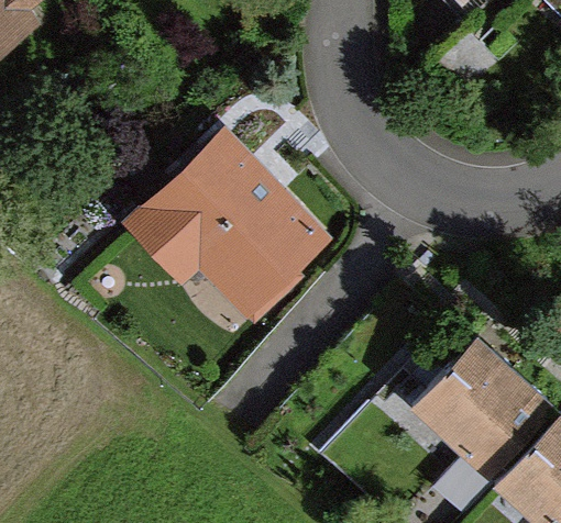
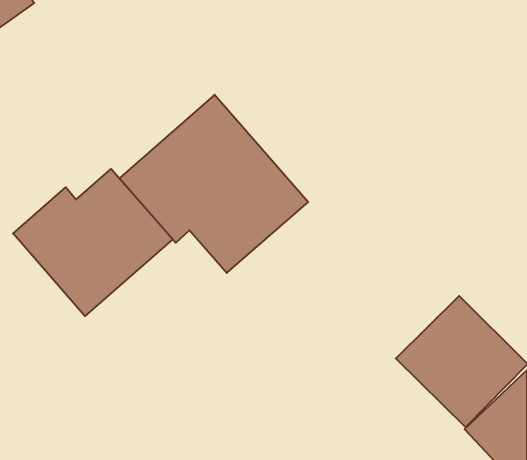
building: none -> [13,169,173,316]

